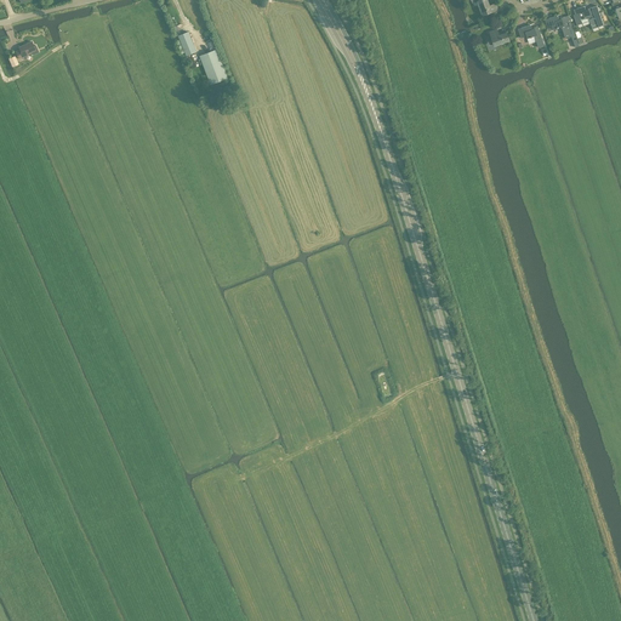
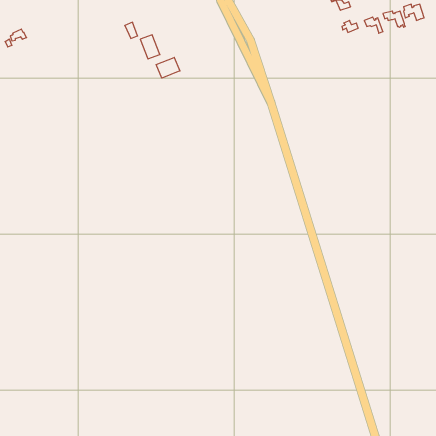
building: none -> [156,57,180,78]

